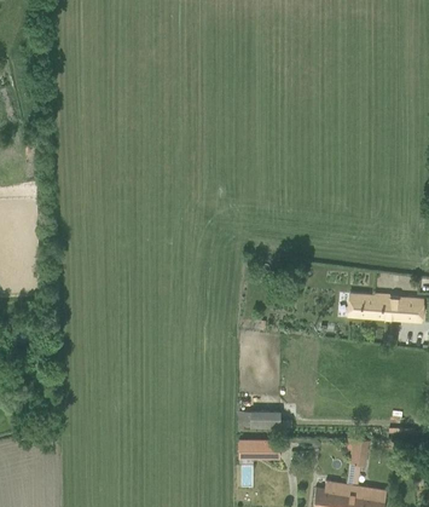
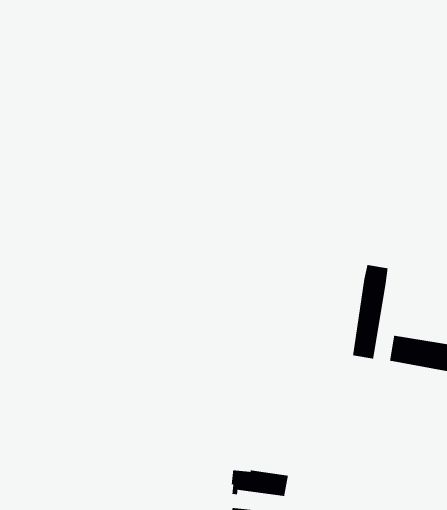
building: none -> [352,264,389,359]

